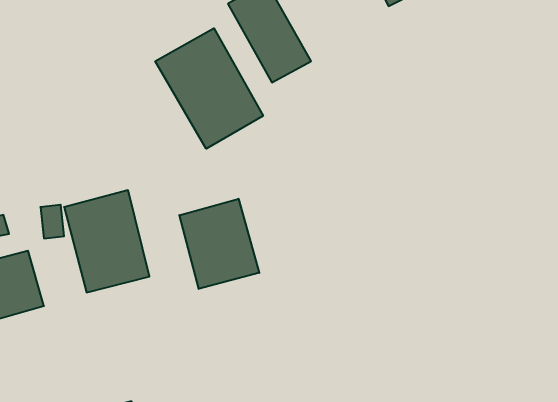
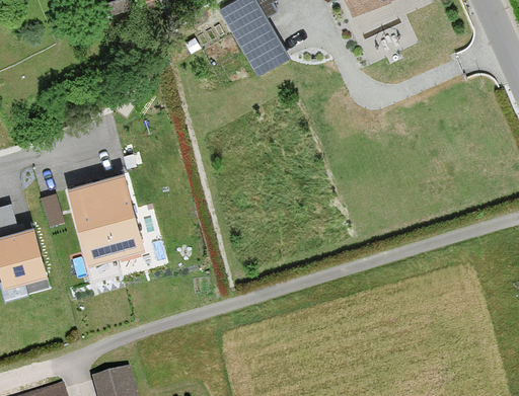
building: [155,28,263,149] -> none
building: [179,199,259,289] -> none

